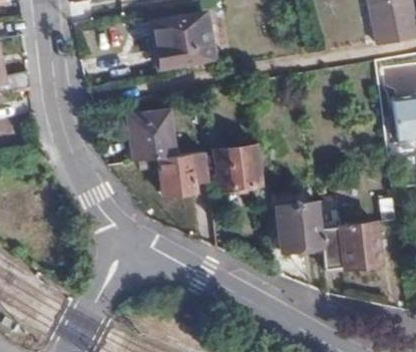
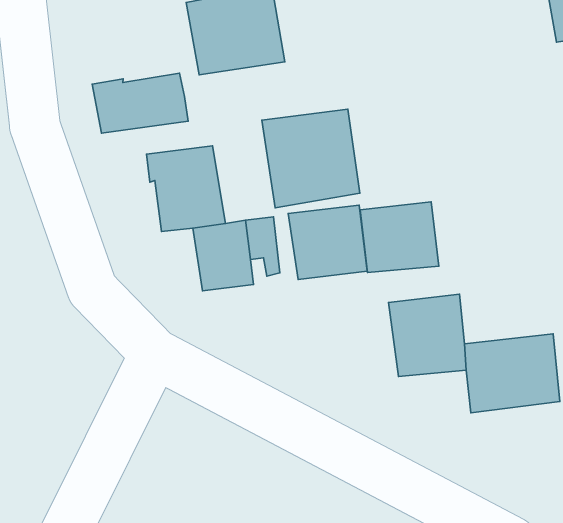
building: none -> [92,73,188,133]
building: none -> [262,109,360,208]
building: none -> [360,202,439,273]

